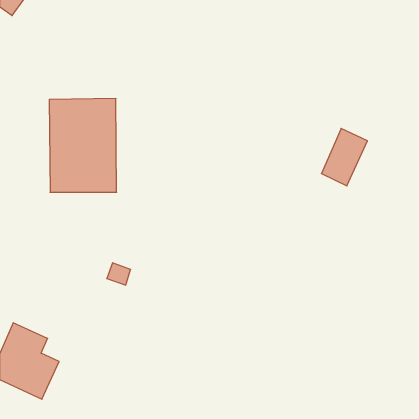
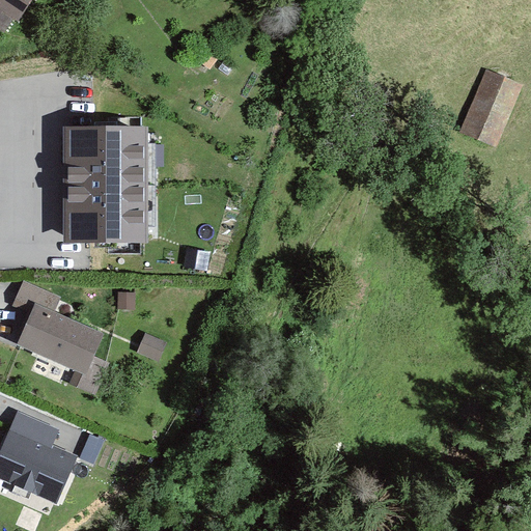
building: [321,128,367,186] -> [463,71,521,143]
building: none -> [11,279,107,393]

